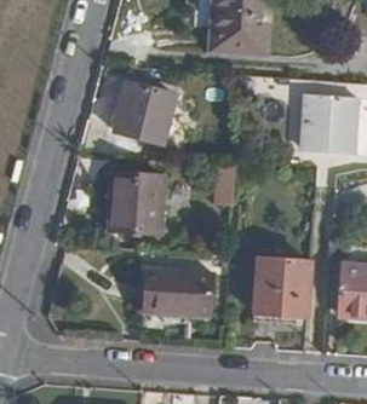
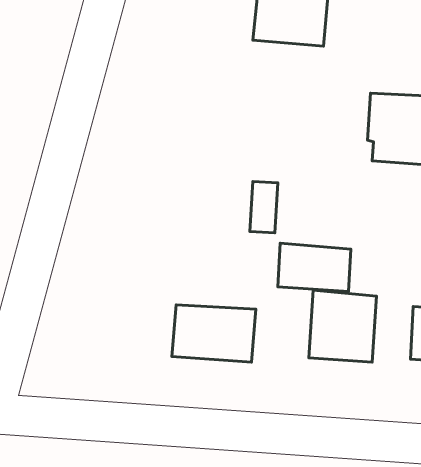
building: [115,79,178,144] -> none
building: [110,171,164,231] -> none
building: none -> [278,243,351,292]

